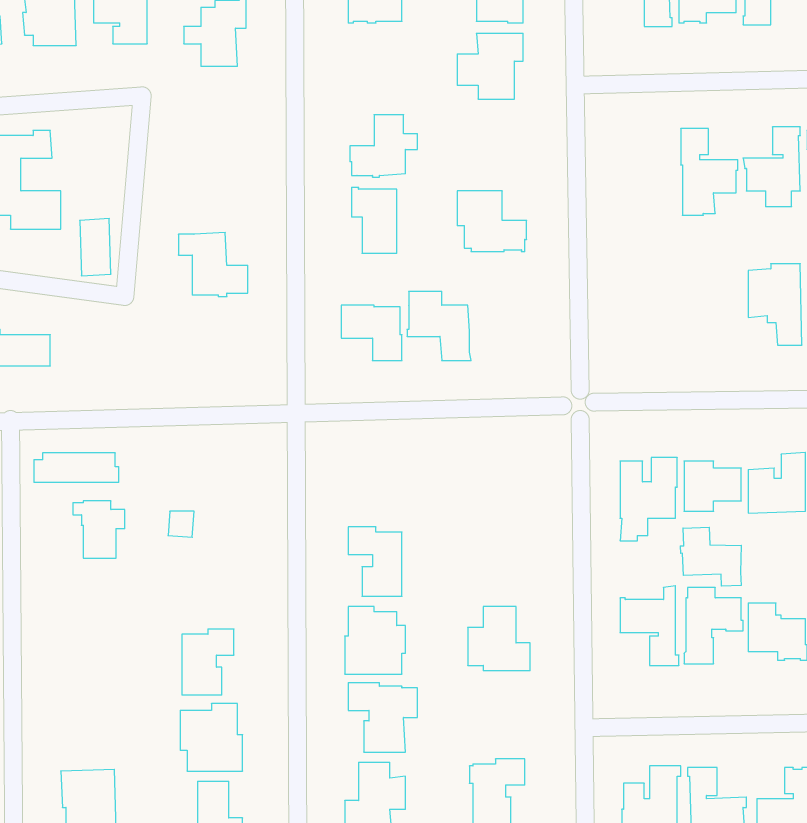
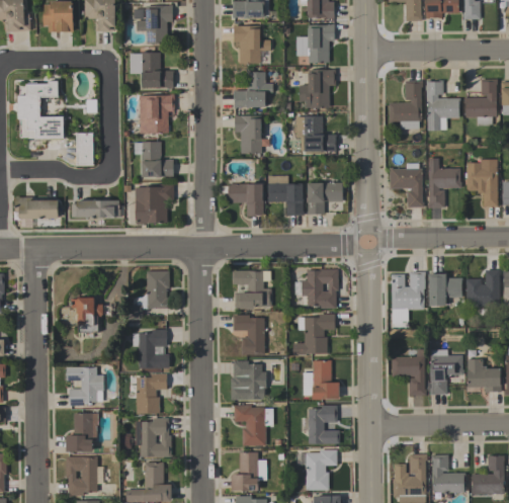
building: none -> [234,25,270,64]
building: none -> [130,53,175,89]
building: none -> [300,70,336,108]
building: none -> [389,81,423,130]
building: none -> [140,94,175,135]
building: none -> [428,159,461,208]
building: none -> [390,164,424,208]
building: none -> [308,183,342,216]
building: none -> [136,185,174,224]
building: none -> [233,270,272,308]
building: none -> [302,270,339,308]
building: [34,453,119,482] -> [72,201,121,219]
building: none -> [147,271,169,308]
building: none -> [292,313,334,354]
building: [680,527,741,586] -> none
building: none -> [132,329,169,367]
building: none -> [66,366,103,405]
building: none -> [308,405,339,443]
building: none -> [66,413,98,450]

